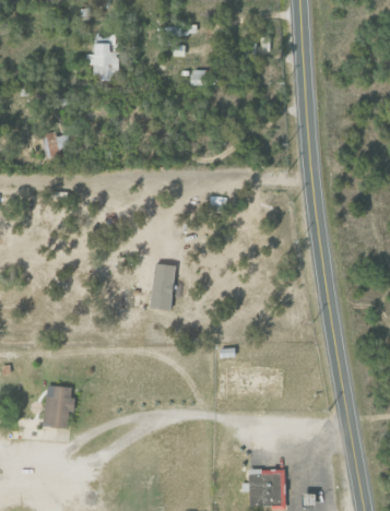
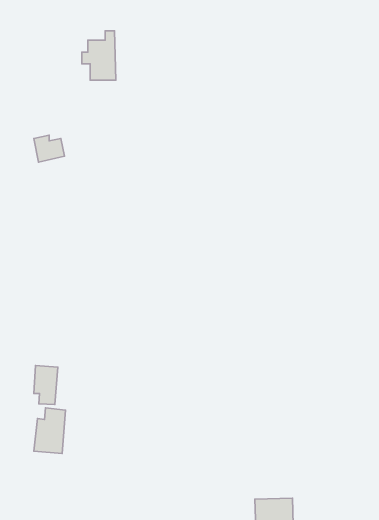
building: [151,263,175,310] -> none
building: none -> [34,365,58,404]

